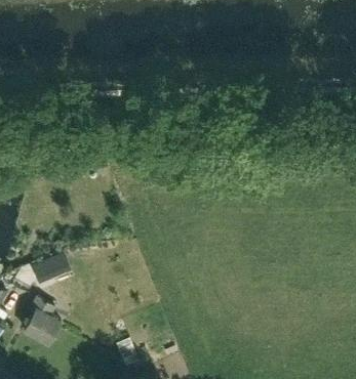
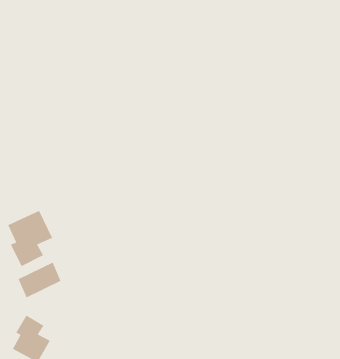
building: none -> [7,210,53,267]

